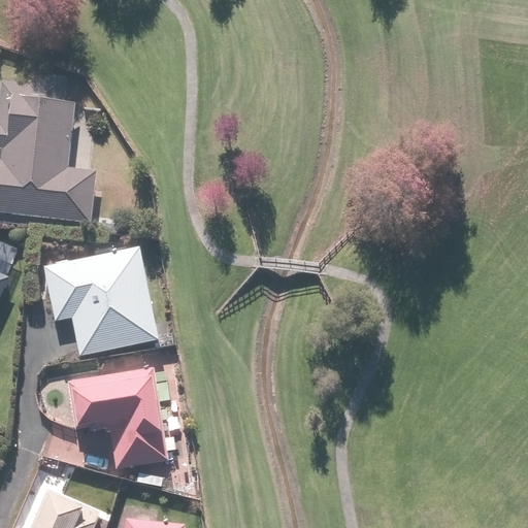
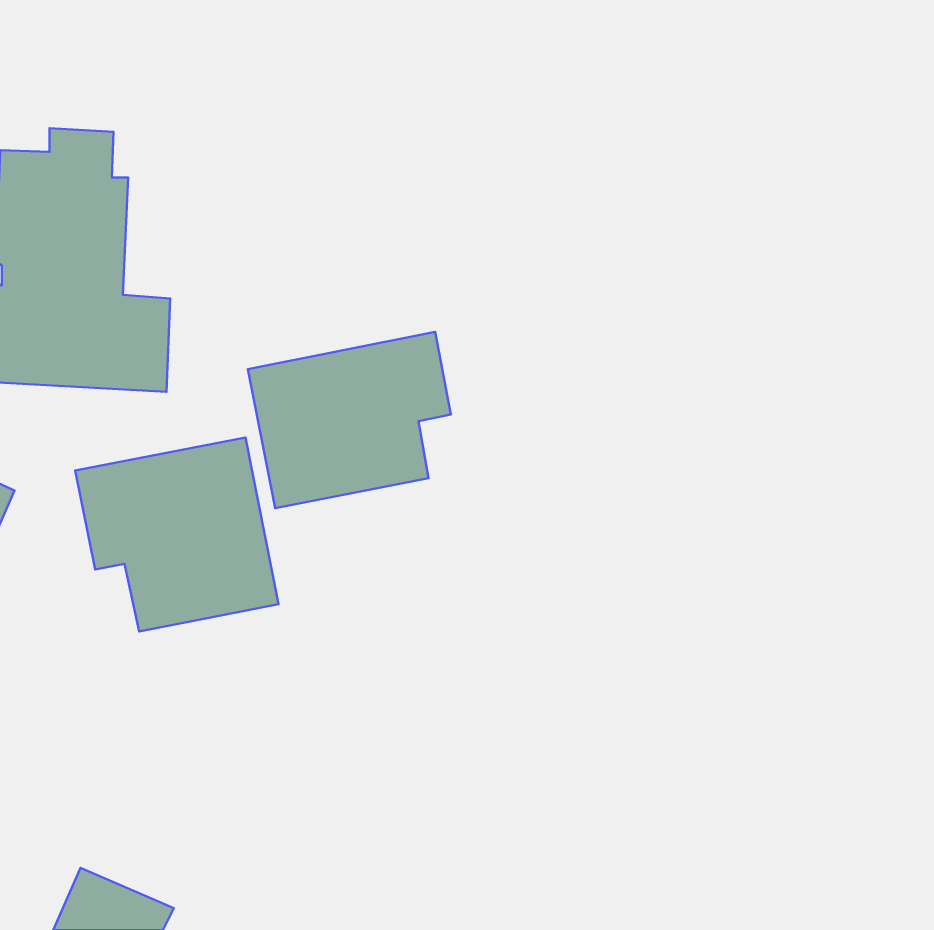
building: none -> [248,332,451,508]
building: [66,367,174,468] -> none

